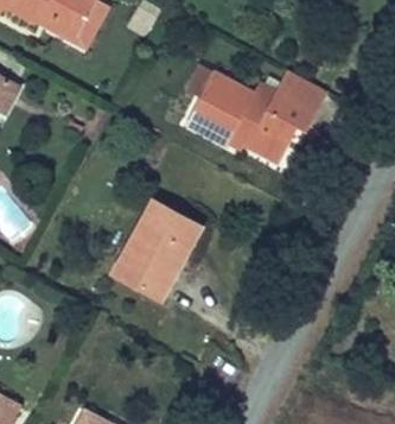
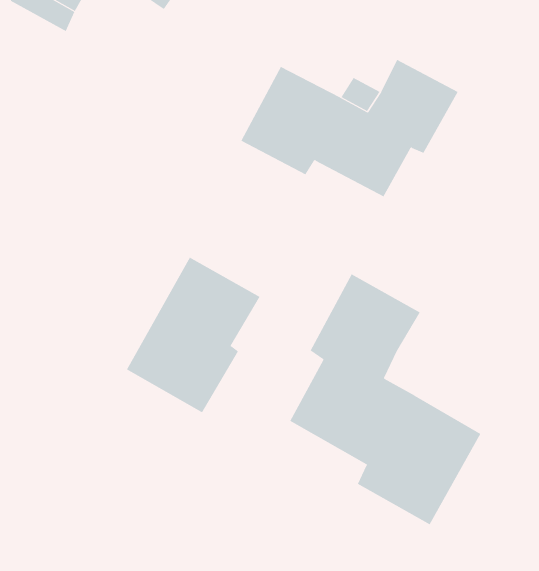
building: none -> [290,273,481,525]

